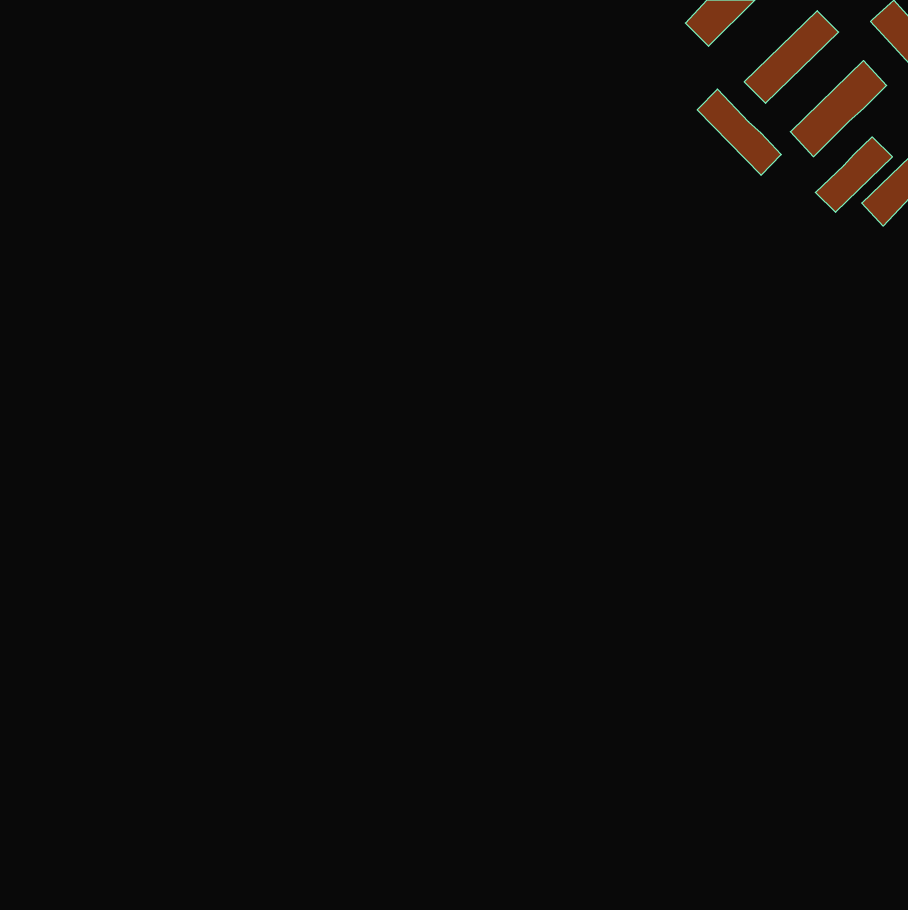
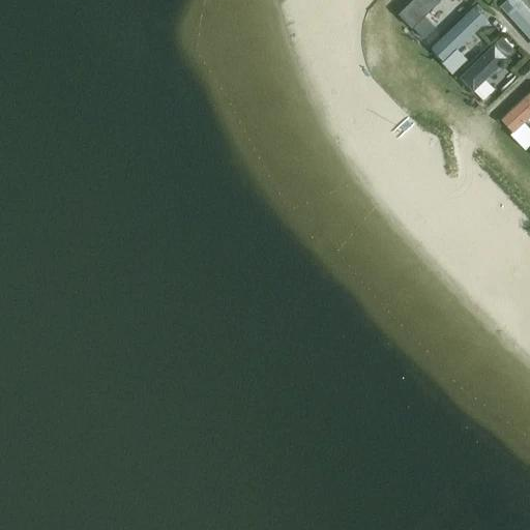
building: [697,89,781,175] -> none
building: [815,137,892,212] -> none

